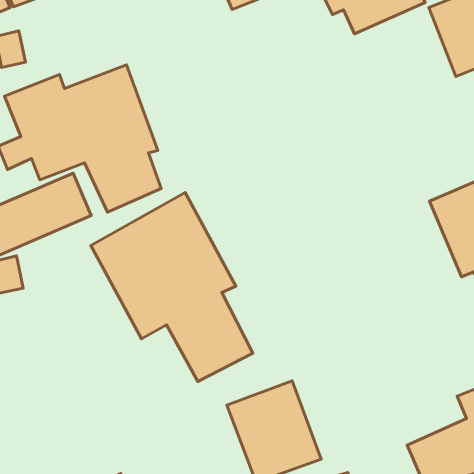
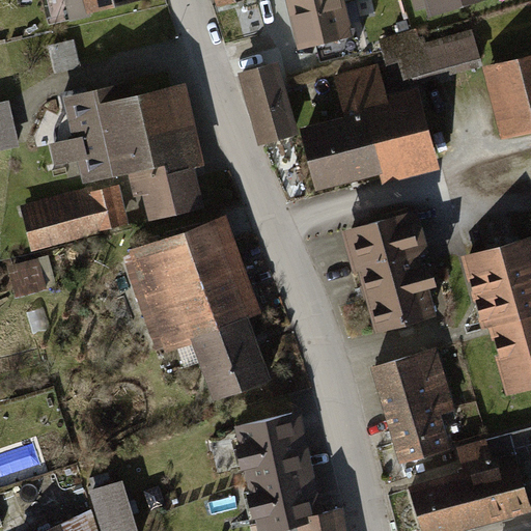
building: none -> [294,63,436,195]
building: none -> [240,56,298,137]
building: none -> [340,213,434,333]
building: none -> [368,346,458,465]

